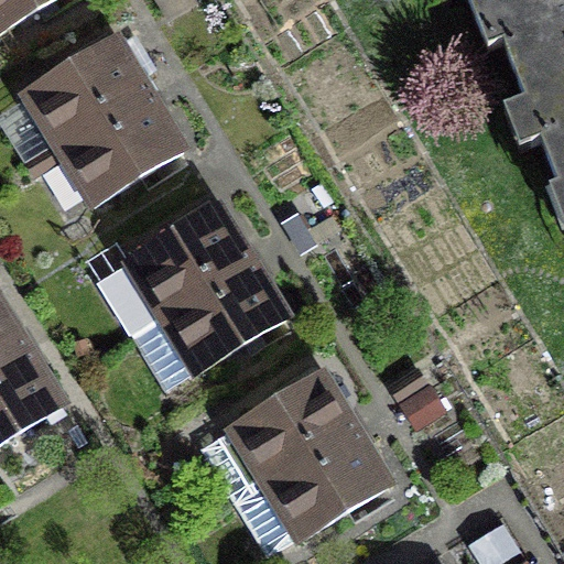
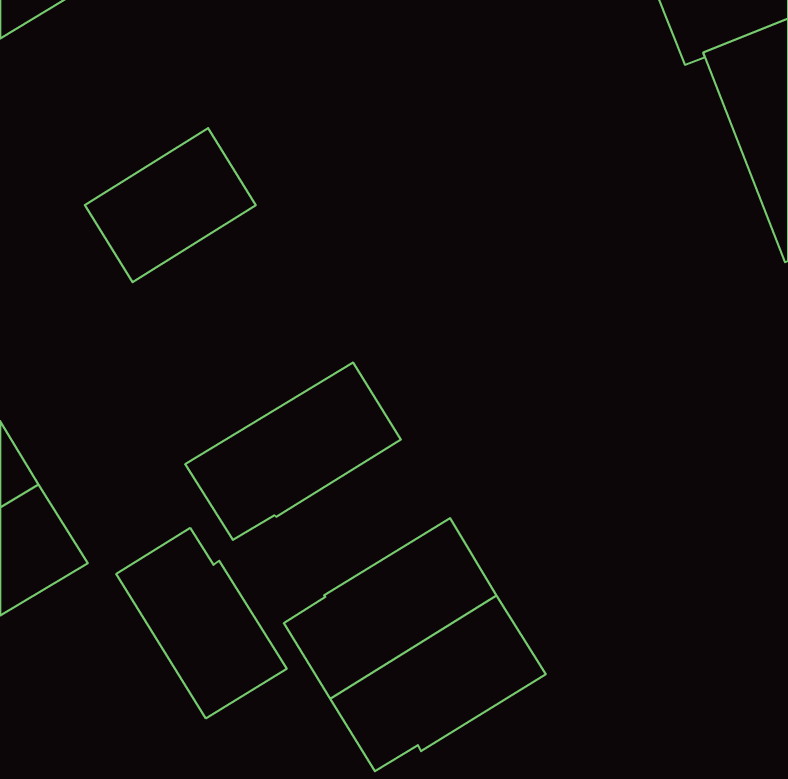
building: [25,35,149,147] -> none
building: [99,203,252,332] -> none
building: none -> [116,528,287,718]

